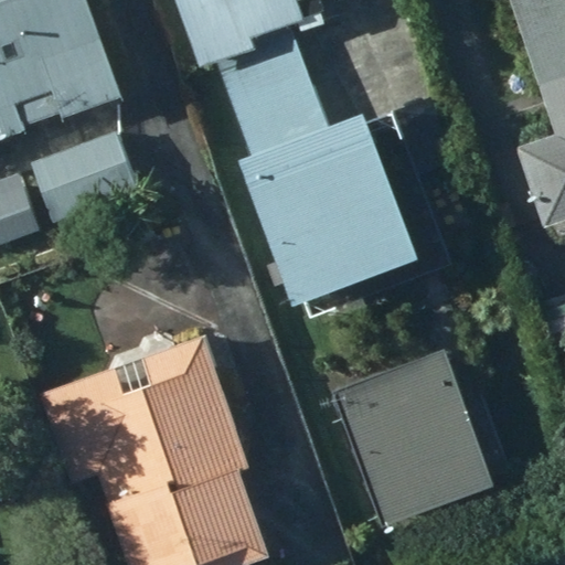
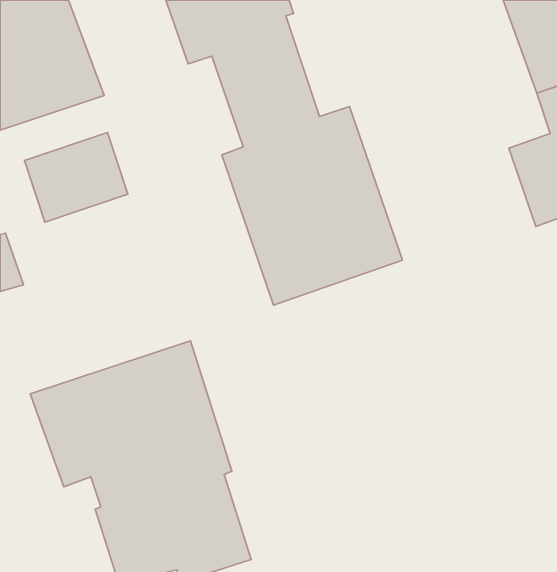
building: [332,347,495,525] -> none

